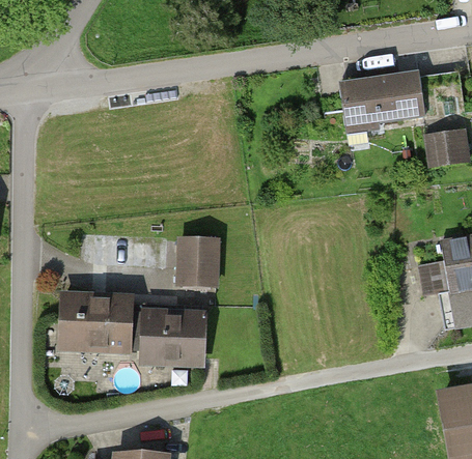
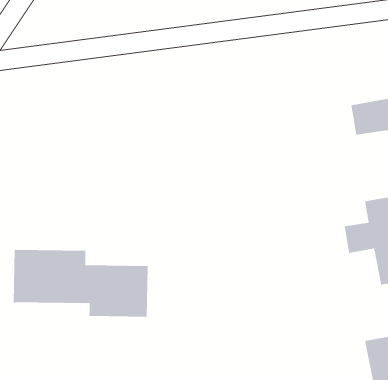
building: [339,70,423,136] -> none
building: [175,237,222,289] -> none

